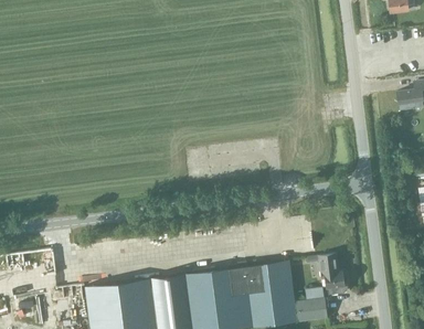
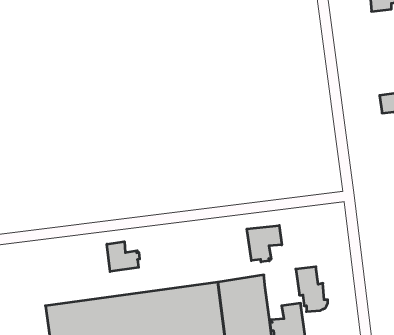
building: none -> [247,225,282,262]
building: none -> [107,242,140,272]

